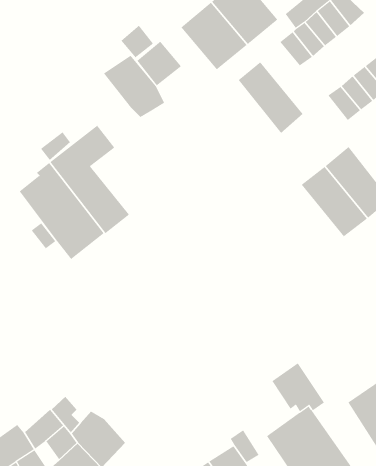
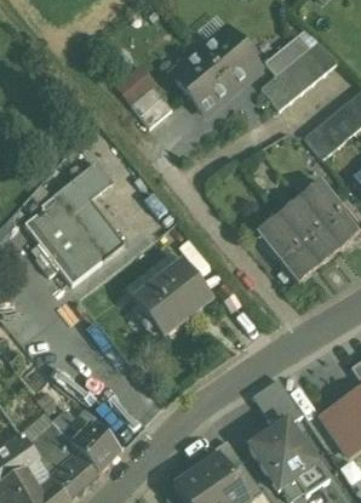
building: [103,55,165,118] -> none
building: [238,62,303,134] -> [258,217,317,282]
building: none -> [131,261,211,338]

